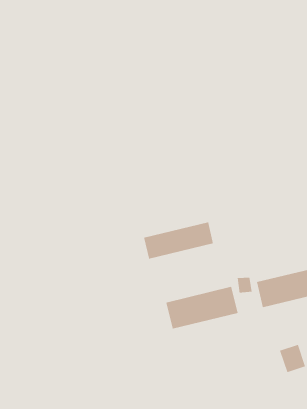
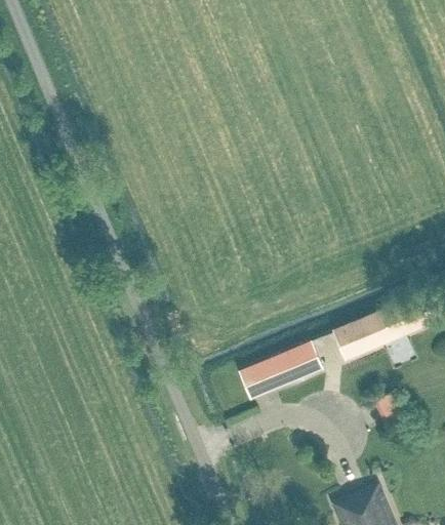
building: [144,221,214,259] -> none

